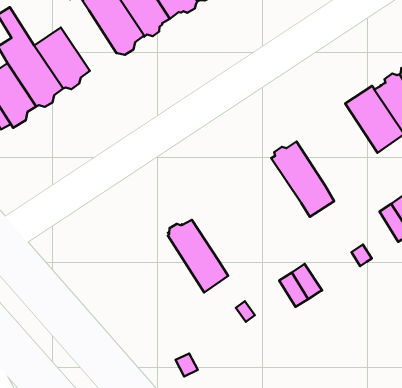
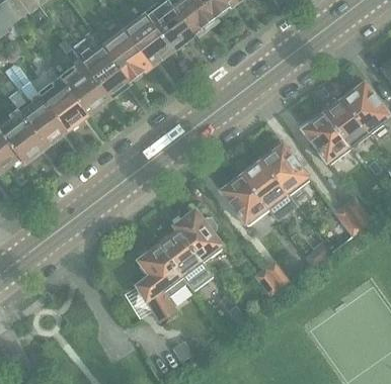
building: none -> [58,62,105,112]
building: none -> [257,140,309,195]
building: none -> [220,175,267,225]
building: none -> [173,209,222,263]
building: none -> [137,245,186,322]

